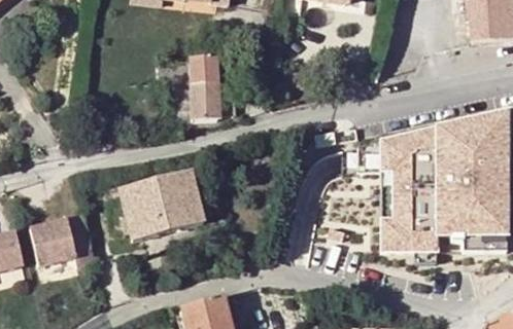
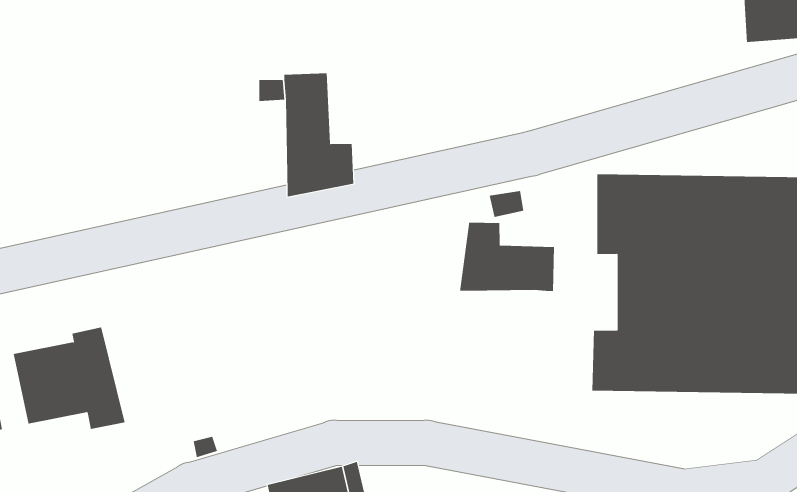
building: none -> [460,222,554,292]
building: [106,172,203,240] -> none

